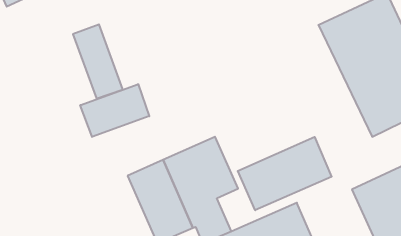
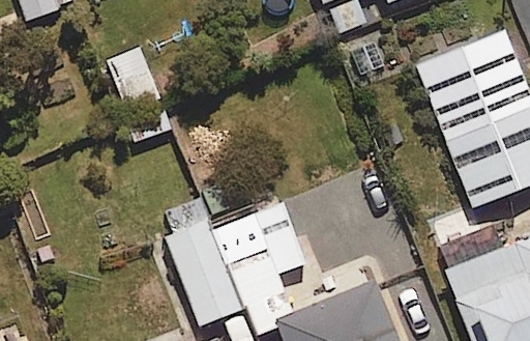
building: [80,84,149,137] -> none
building: [238,137,332,210] -> none

